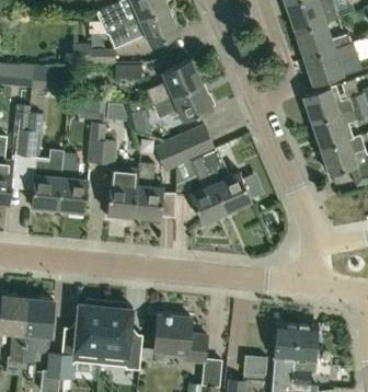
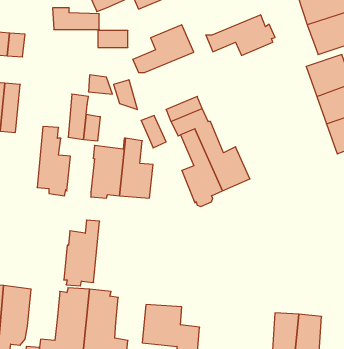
building: [151,84,215,122] -> [206,15,275,55]
building: [165,137,196,186] -> none
building: [31,151,64,211] -> [64,220,100,286]

